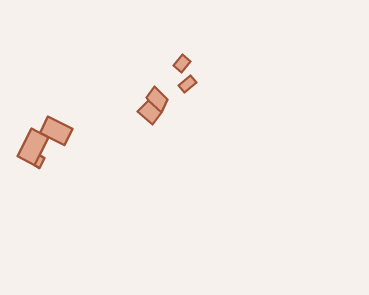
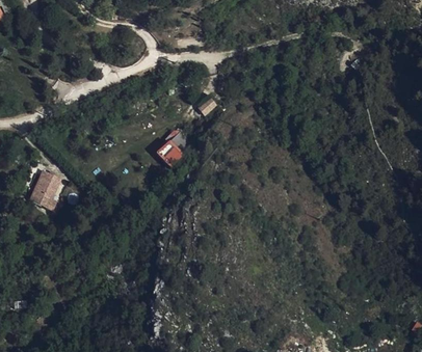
building: [40,117,72,145] -> none

